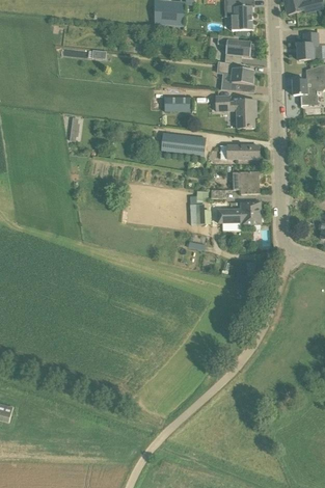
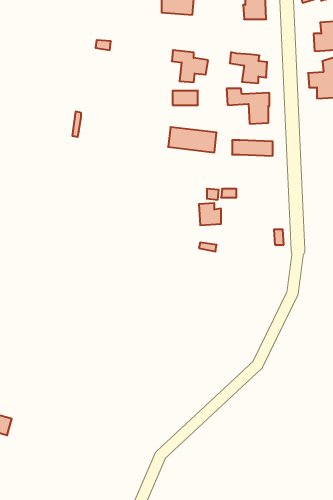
building: [217,32,251,62] -> [172,50,208,82]
building: [233,170,260,193] -> none
building: [217,200,261,227] -> none

